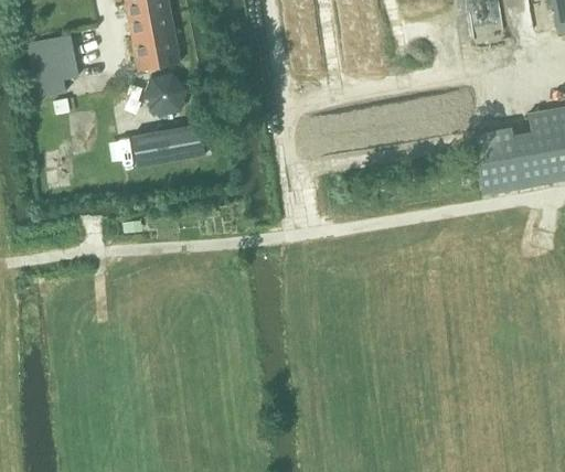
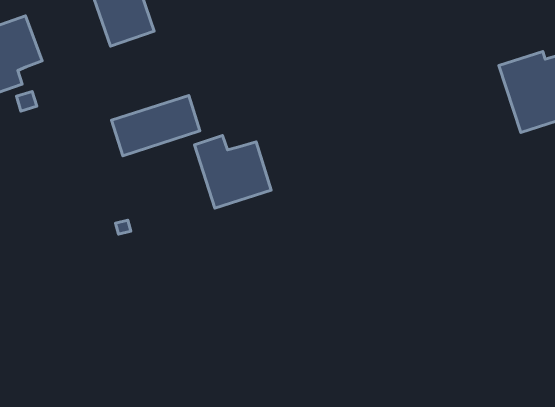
building: [142,73,188,117] -> none
building: none -> [195,136,271,208]

